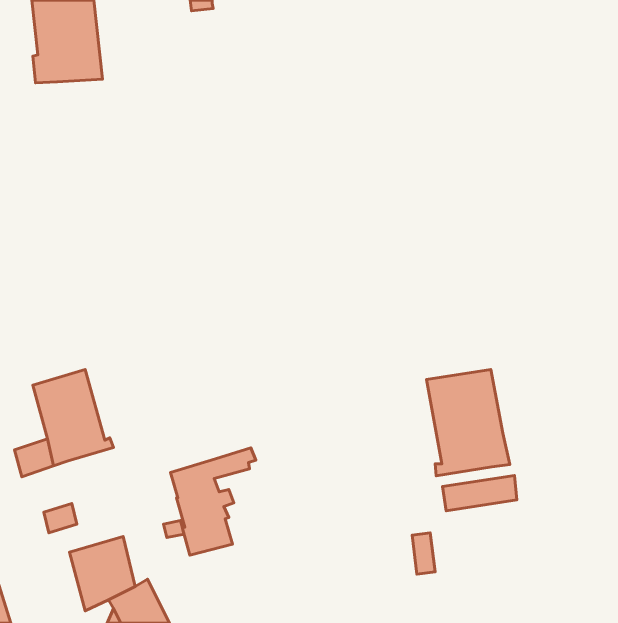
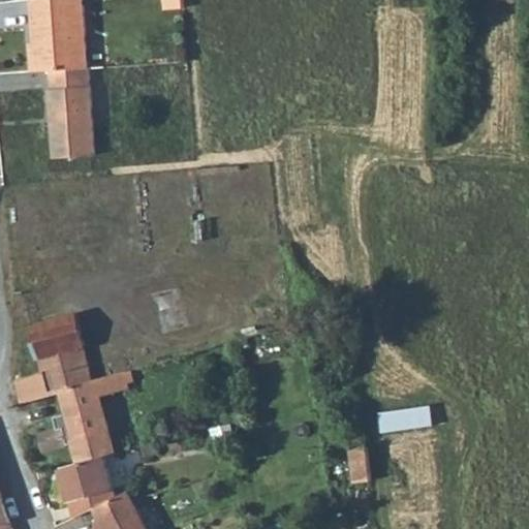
building: none -> [46,66,93,157]
building: [426,369,510,476] -> none
building: [170,448,256,555] -> [58,370,130,461]

